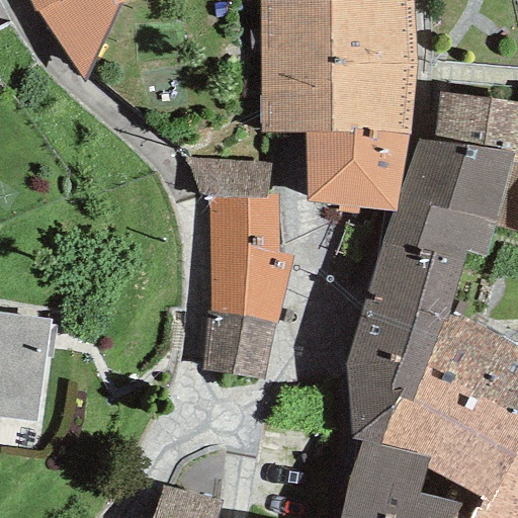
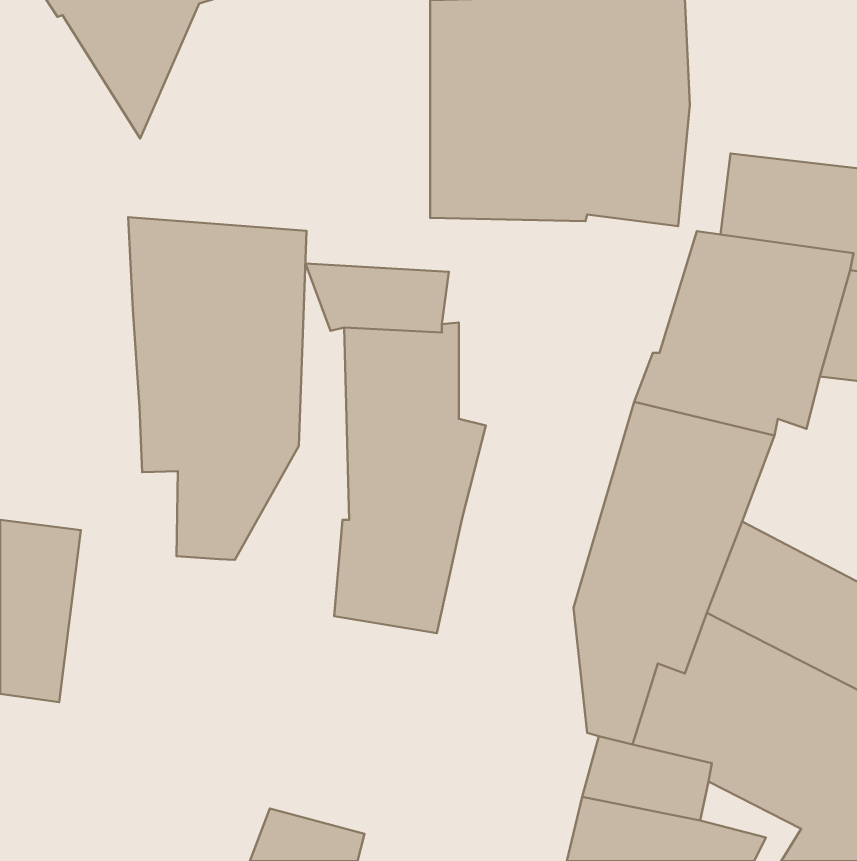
building: [307,128,410,211] -> none
building: none -> [128,217,306,560]

